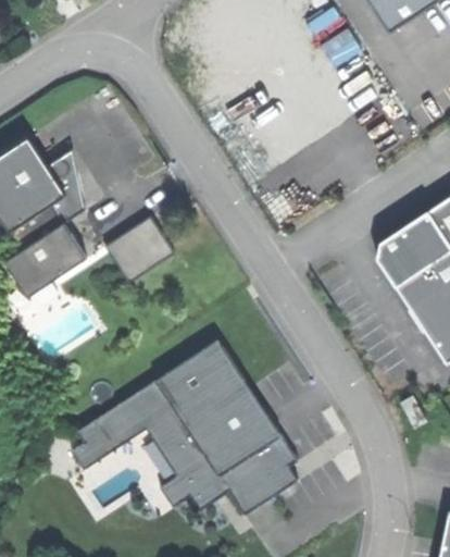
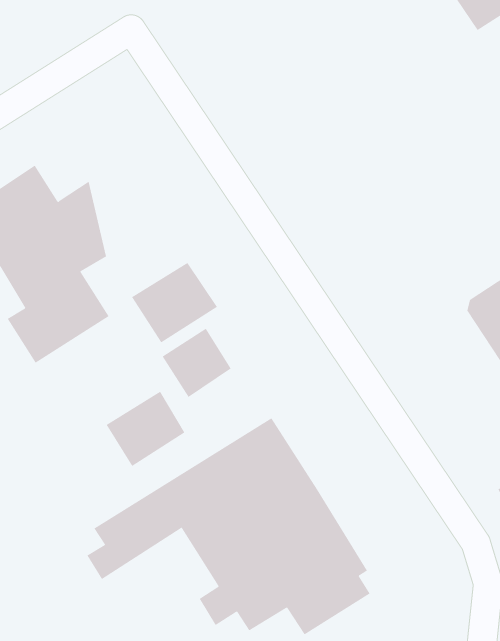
building: none -> [162,328,232,398]
building: none -> [106,391,185,467]

